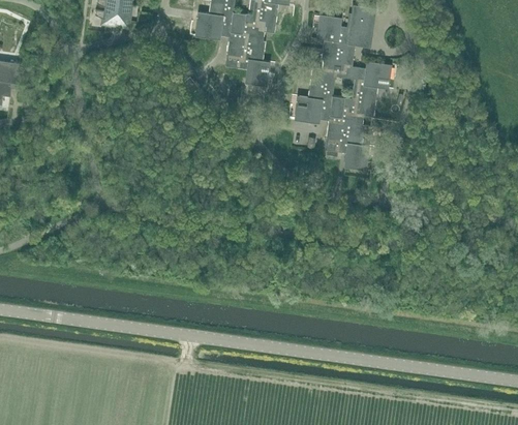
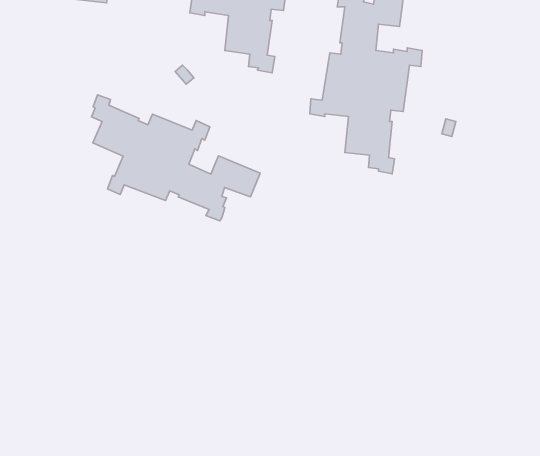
building: none -> [92,95,260,221]

